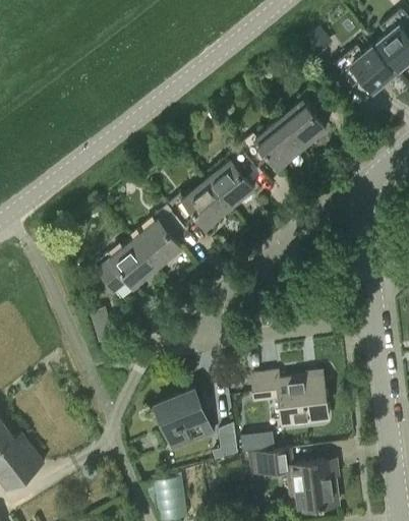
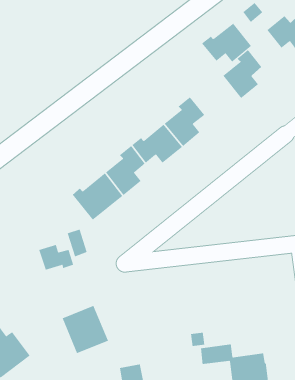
building: [241,120,303,169] -> [201,23,252,62]
building: none -> [39,244,74,271]
building: [253,373,330,426] -> none
building: [155,391,213,451] -> [62,305,109,354]
building: [213,423,238,460] -> none

